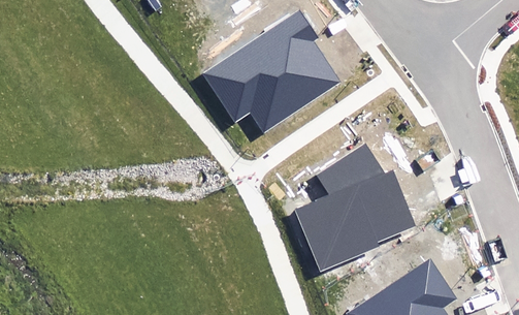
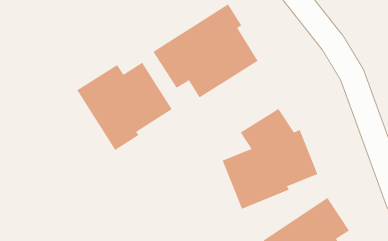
building: none -> [77,62,172,151]

